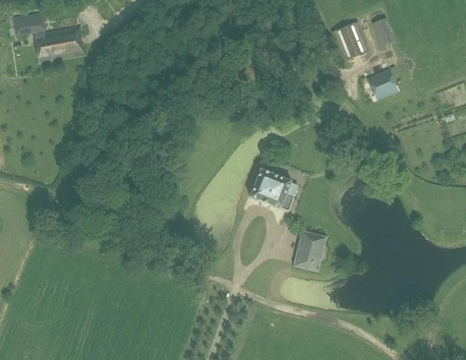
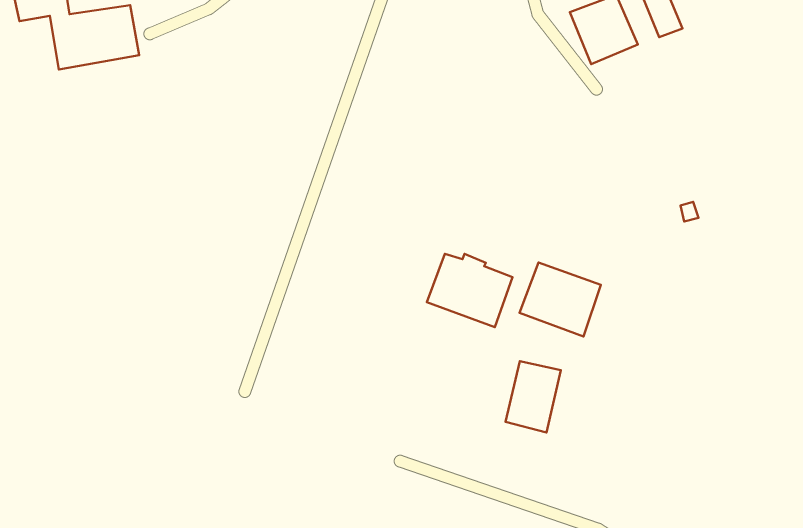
building: [365,68,398,100] -> none
building: none -> [520,263,601,337]

